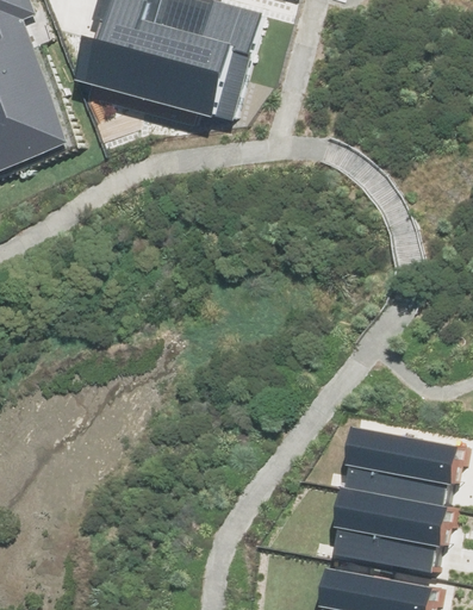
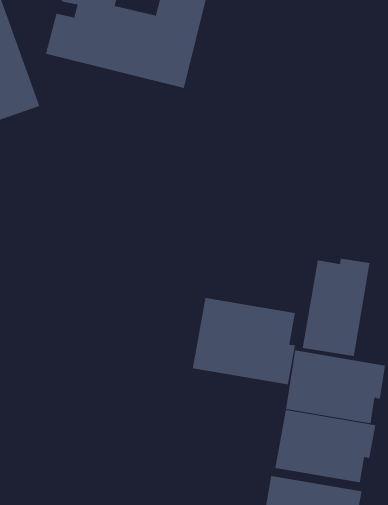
building: none -> [302,258,370,357]
building: none -> [192,297,296,385]

